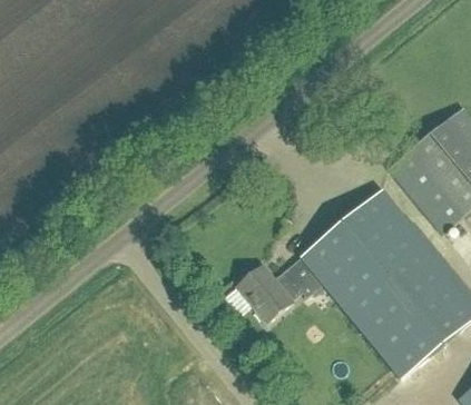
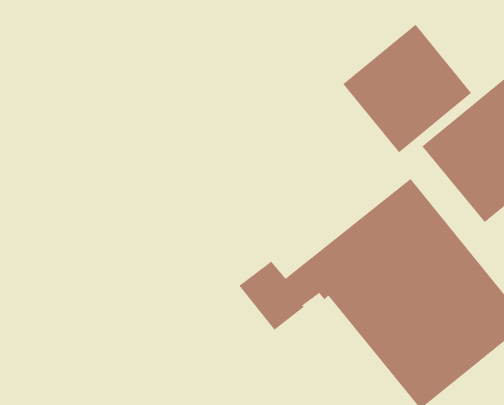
building: none -> [343,24,472,153]

